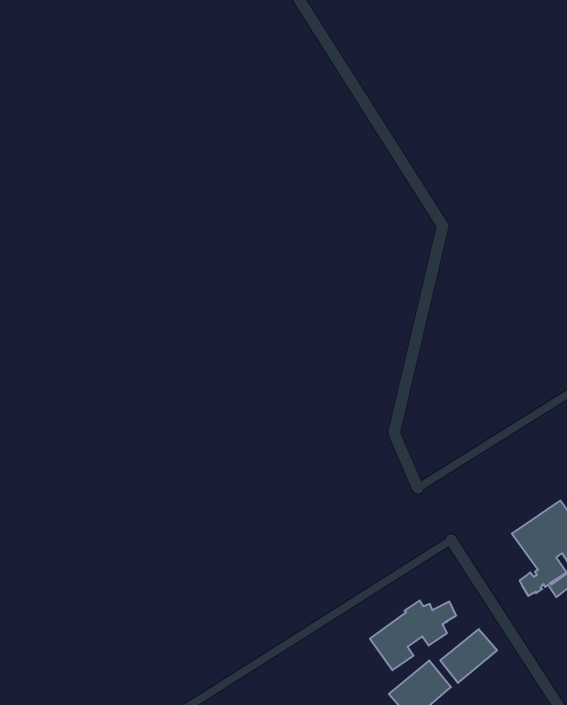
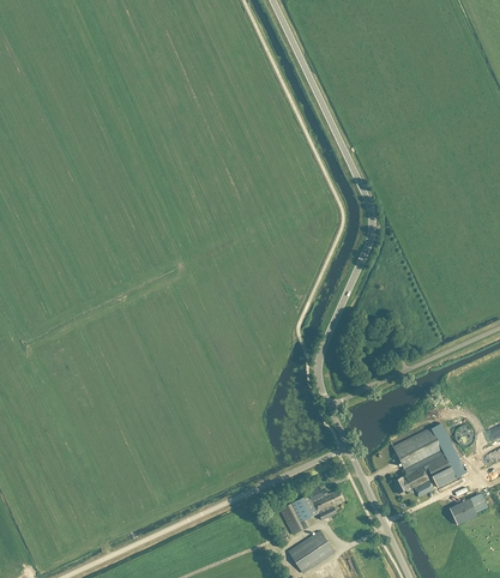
building: [440,629,497,683] -> none

